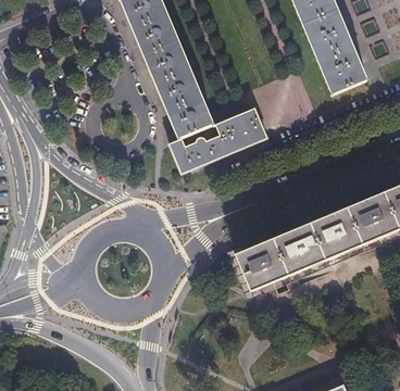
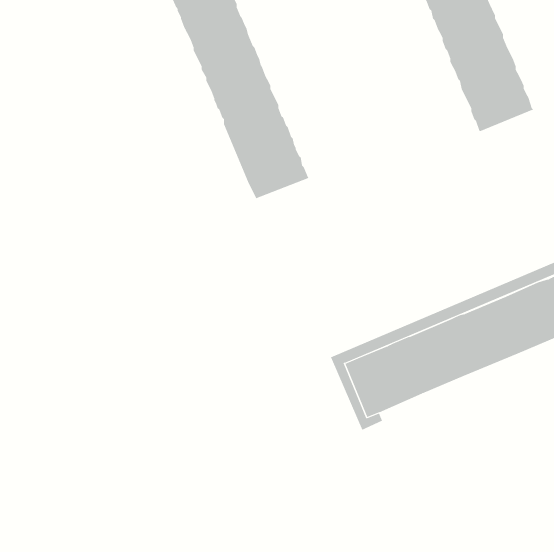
building: [172,111,270,175] -> none

